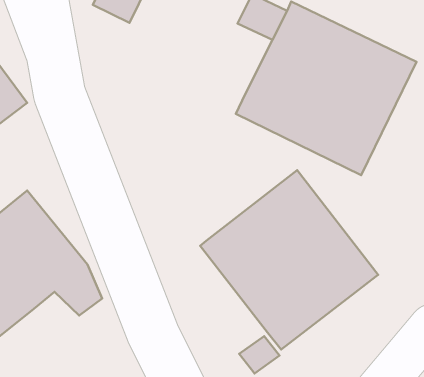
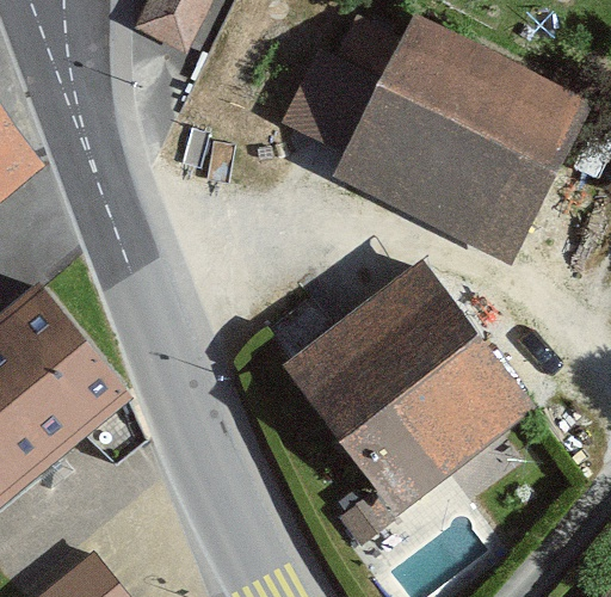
building: none -> [283,45,387,153]

